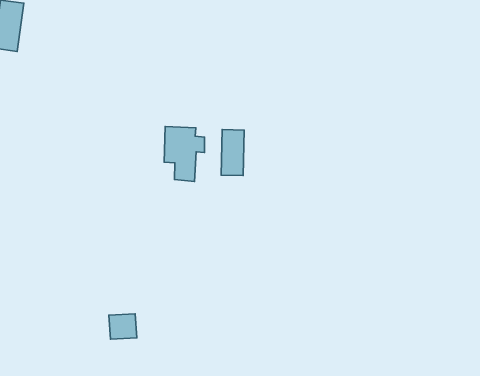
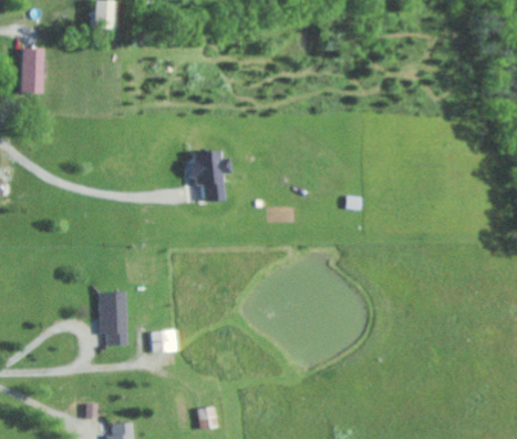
building: [221,130,244,176] -> none
building: none -> [100,293,128,346]

